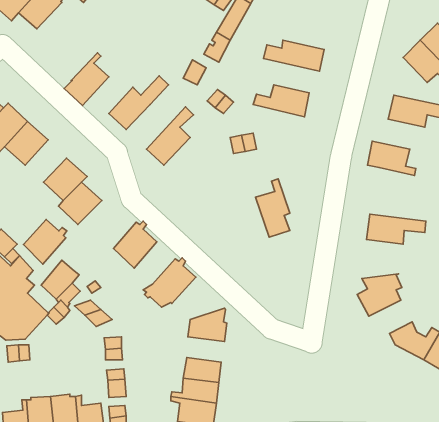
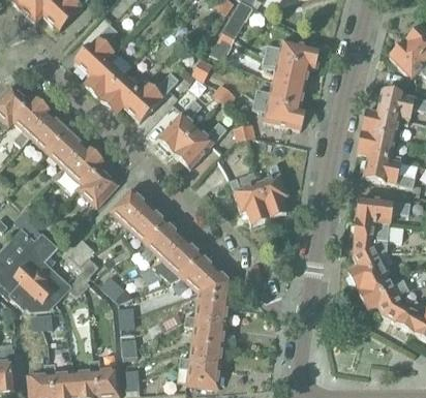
building: none -> [74,24,118,76]
building: none -> [263,57,310,88]
building: none -> [100,68,154,114]
building: none -> [252,98,304,130]
building: none -> [362,110,409,139]
building: none -> [174,123,225,169]
building: none -> [49,130,86,169]
building: none -> [363,155,416,187]
building: none -> [232,180,269,224]
building: [23,219,67,264] -> [111,188,150,228]
building: none -> [353,220,403,255]
building: none -> [147,222,185,261]
building: none -> [181,254,229,293]
building: none -> [359,275,408,309]
building: none -> [184,308,229,331]

